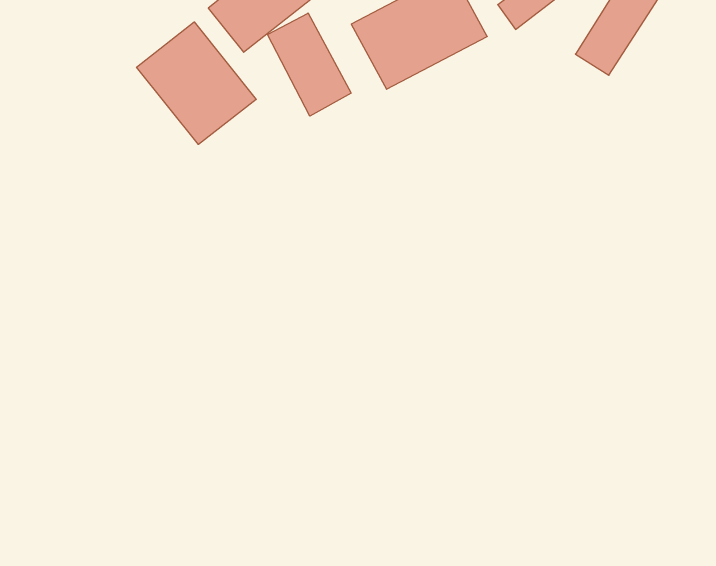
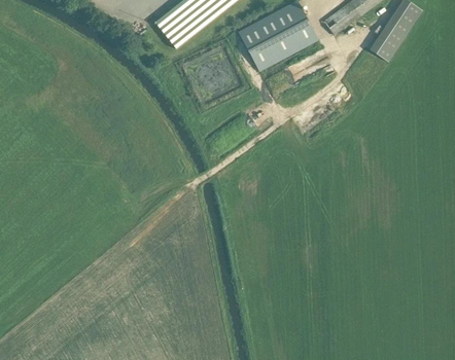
building: [267,13,351,116] -> none
building: [137,22,256,144] -> none

